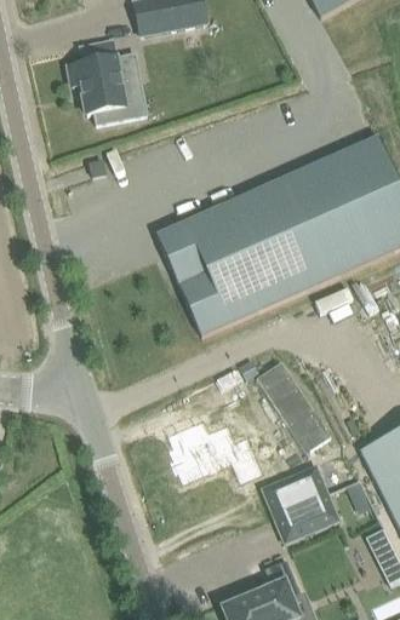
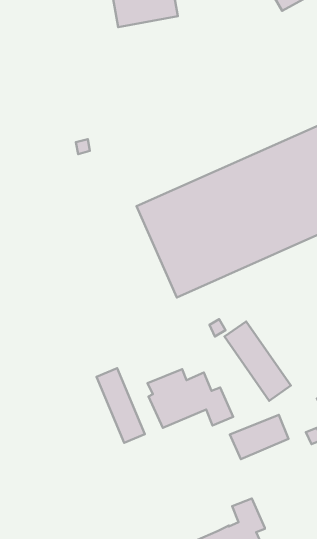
building: [68,40,145,122] -> none
building: none -> [97,368,145,443]
building: [273,493,337,542] -> none

